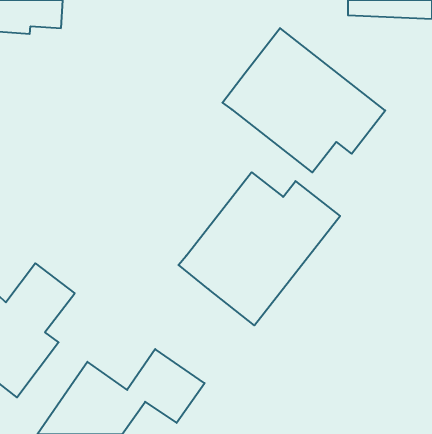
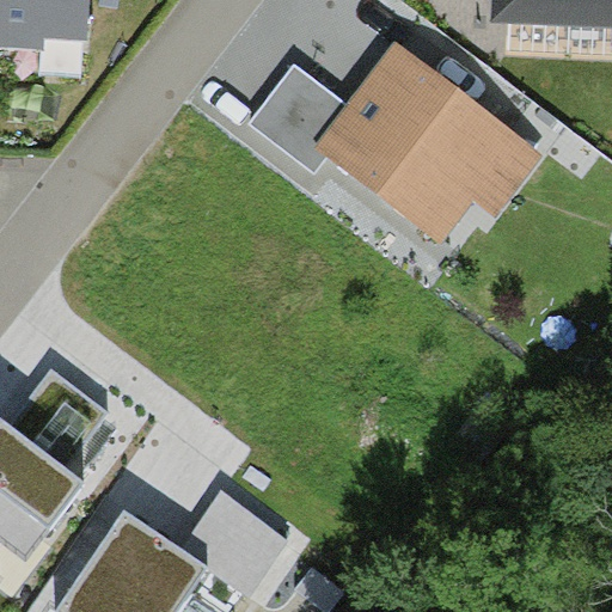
building: none -> [247,63,345,172]
building: [178,172,340,325] -> none

